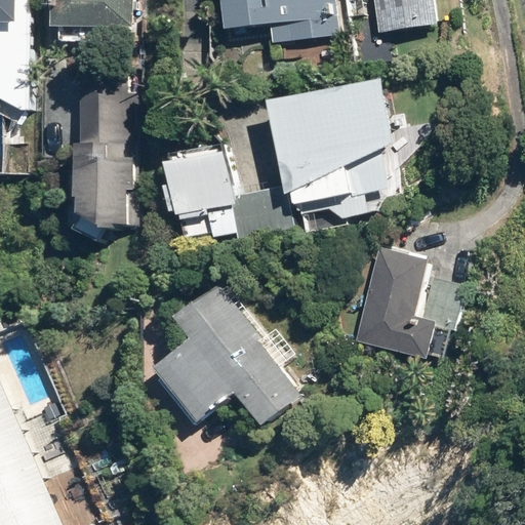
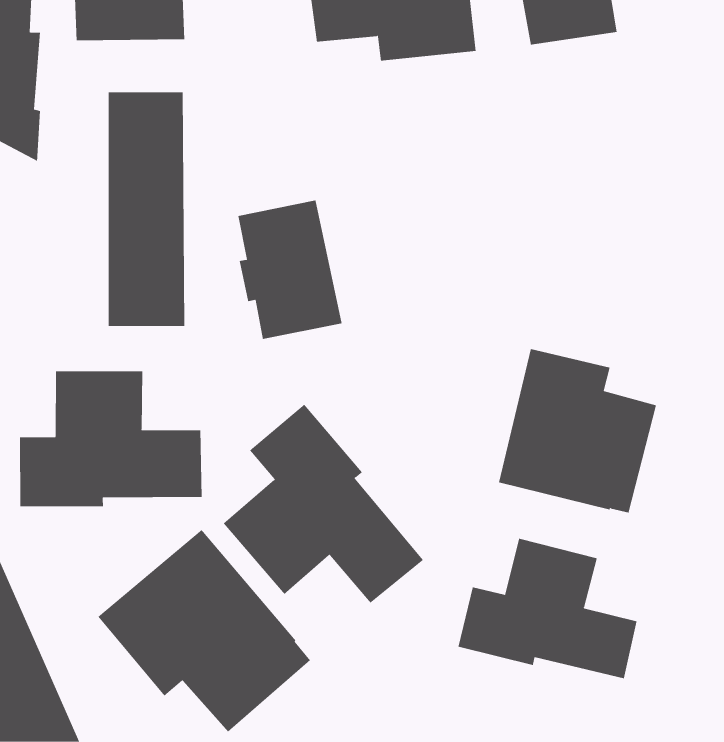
building: [271,78,397,226] -> none
building: none -> [20,371,202,507]
building: none -> [97,529,311,733]
building: none -> [458,538,637,679]

